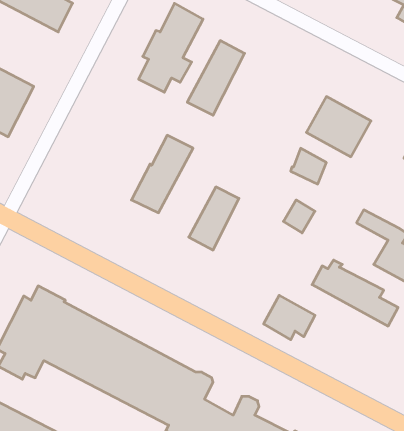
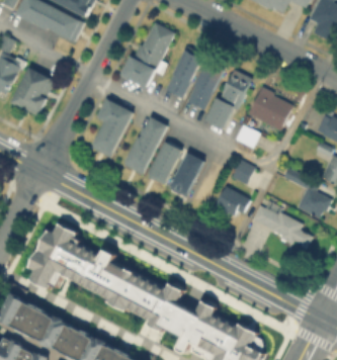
building: none -> [186,59,225,109]
building: none -> [205,71,251,127]
building: none -> [92,98,133,154]
building: none -> [149,141,182,180]
building: [264,295,315,340] -> [214,186,250,217]

